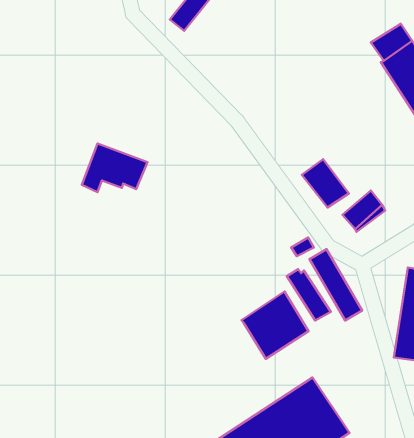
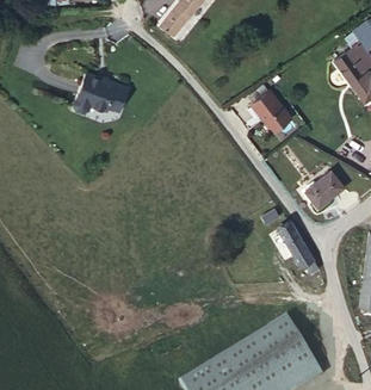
building: [82,144,147,192] -> [70,73,125,113]
building: [302,159,349,208] -> [255,89,295,130]
building: [241,291,309,359] -> none

